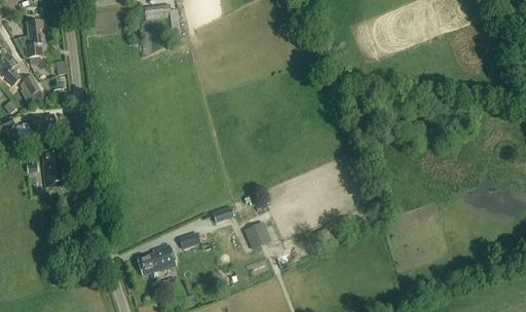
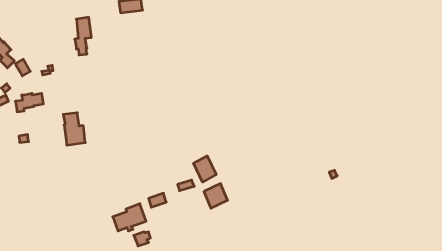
building: [25,21,44,65] -> [75,17,91,55]
building: [41,150,67,188] -> [63,113,85,145]
building: none -> [194,156,216,182]

